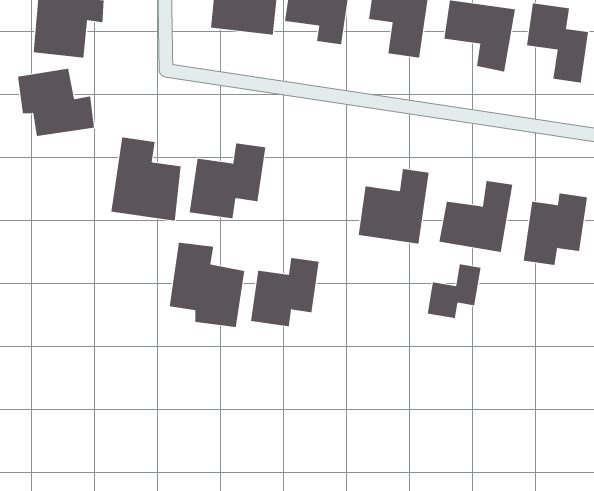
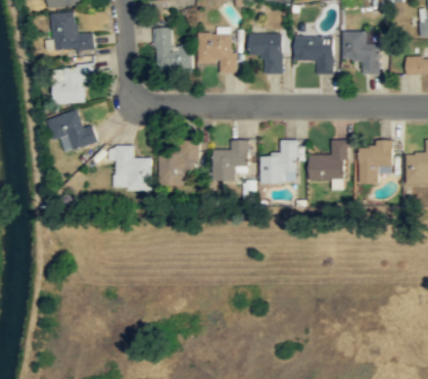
building: [169,242,245,328] -> none
building: [250,257,320,327] -> [213,139,249,180]
building: [427,263,481,319] -> none

